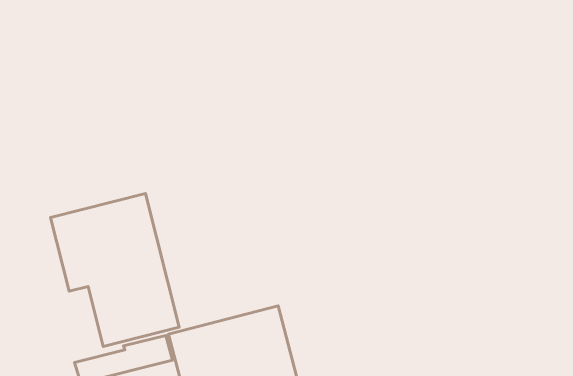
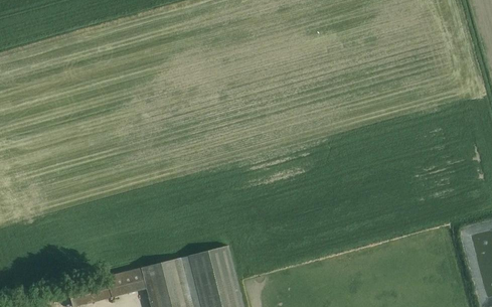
building: [50,193,179,346] -> none

